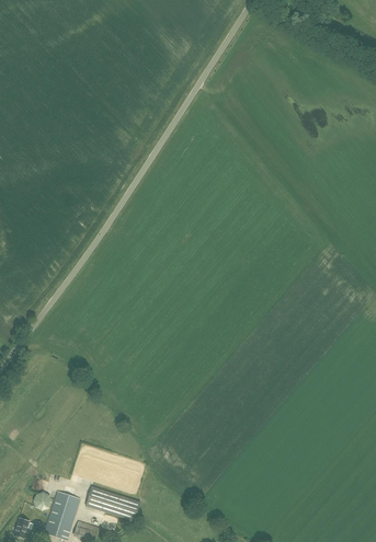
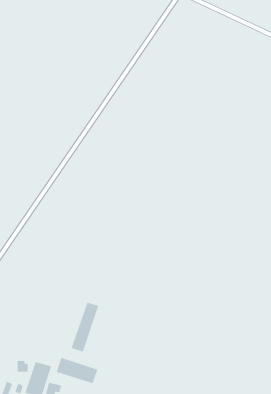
building: none -> [71,302,99,353]

